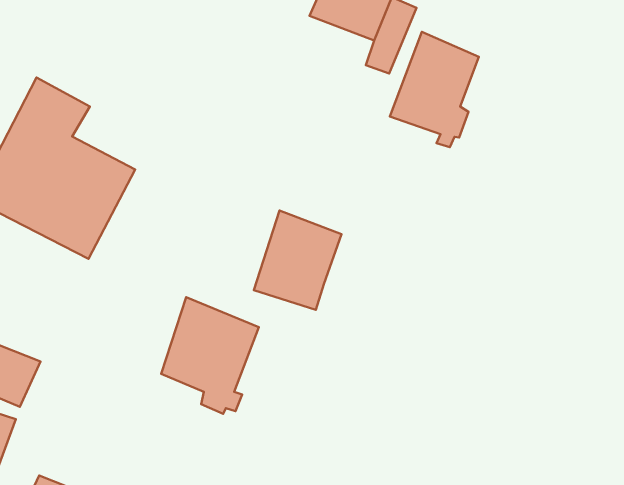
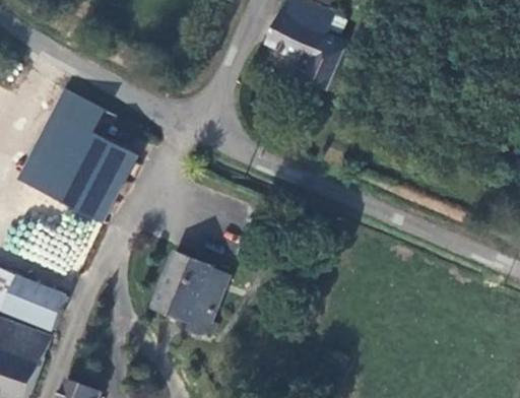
building: [390,32,479,147] -> none
building: [254,210,341,310] -> none

